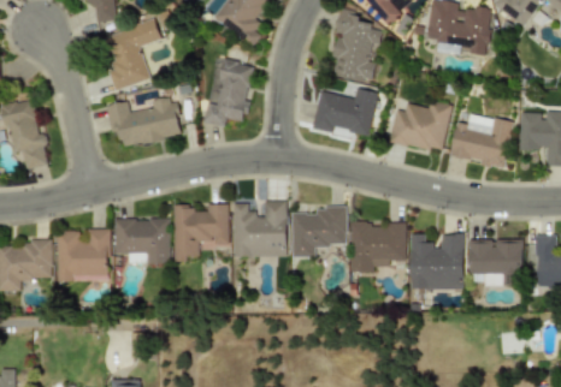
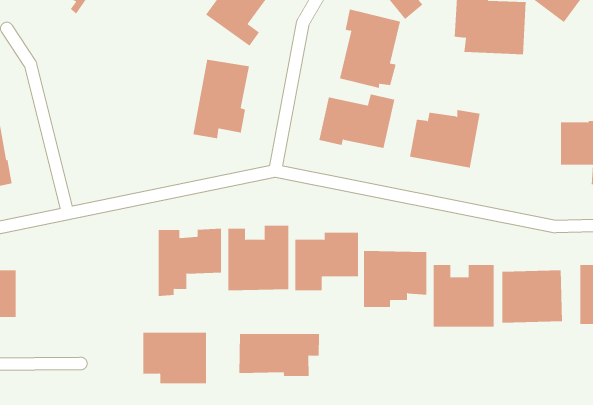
building: [101,19,161,89] -> none
building: [106,99,179,145] -> none
building: [451,114,513,169] -> none
building: [114,219,170,263] -> [143,332,207,384]
building: [57,228,110,281] -> none
building: none -> [239,333,319,377]

